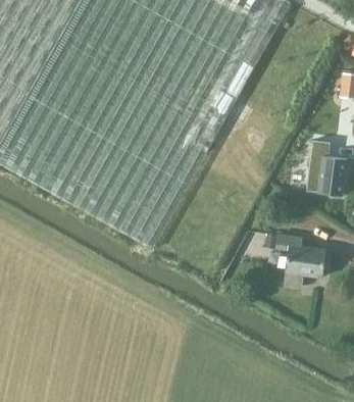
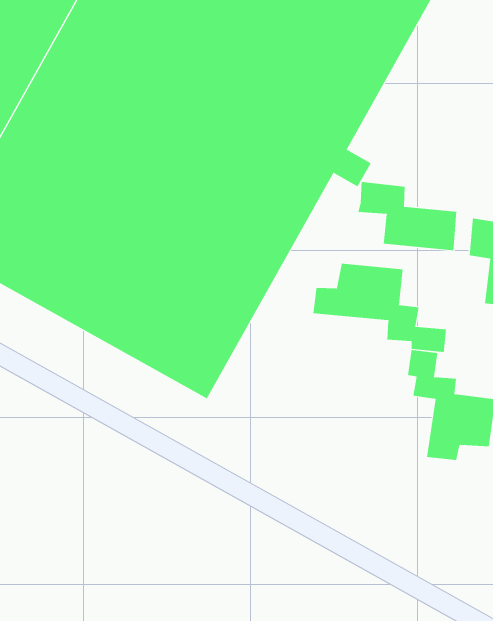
building: none -> [358,181,457,251]
building: none -> [313,263,447,353]

